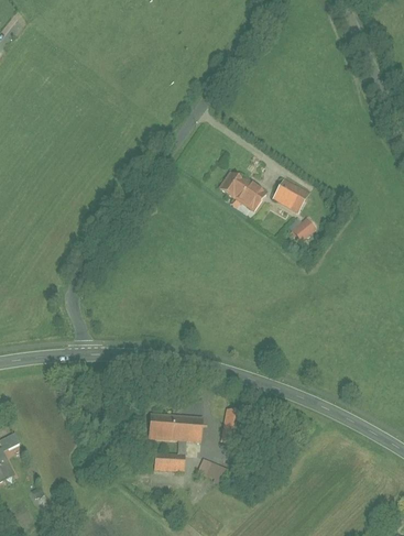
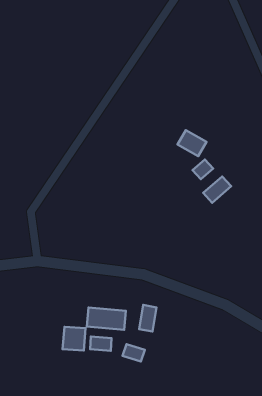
building: [217,168,266,212] -> none
building: none -> [203,177,231,203]
building: none -> [63,327,86,351]

